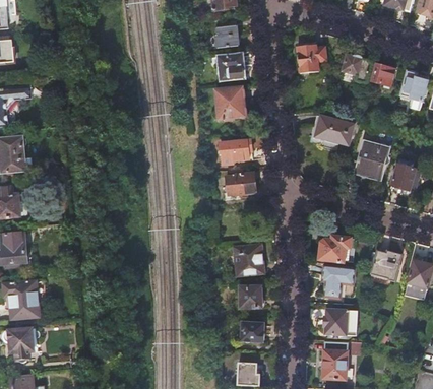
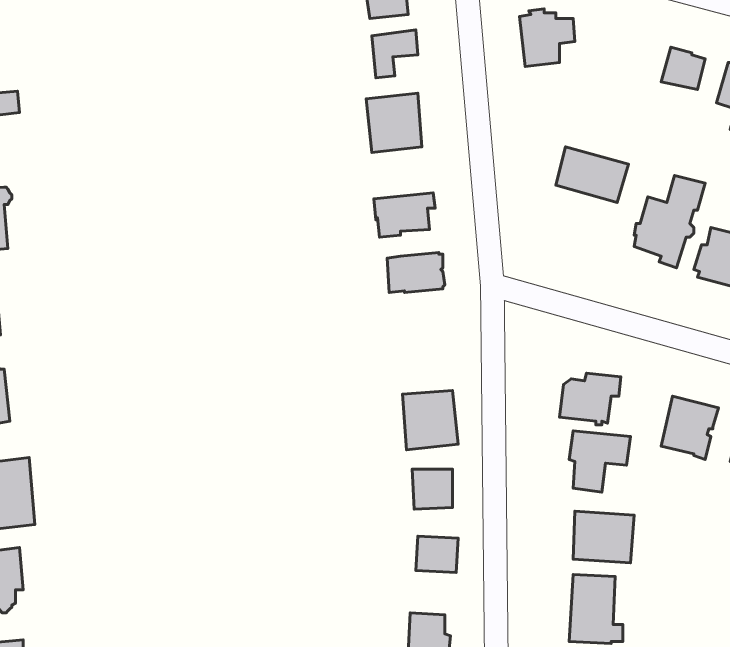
building: [339,55,371,78] -> none

